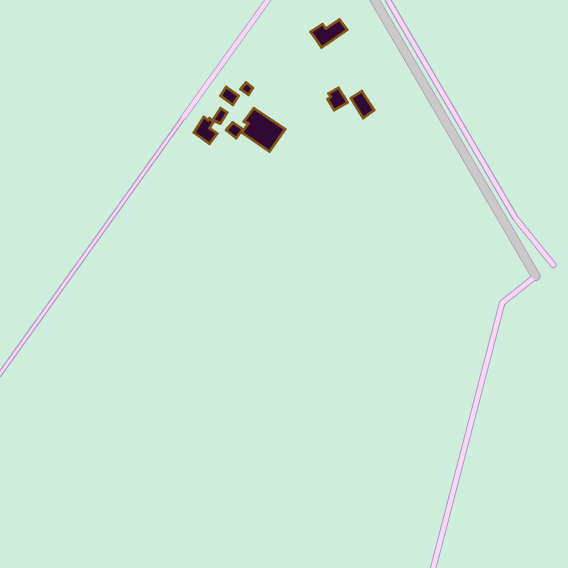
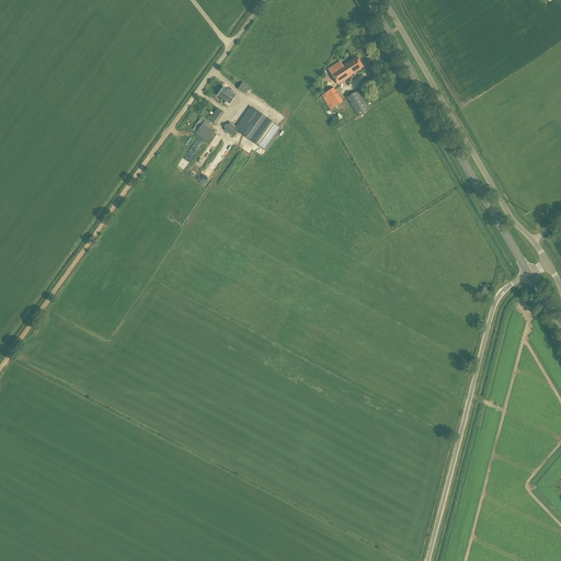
building: [310,20,347,47] -> [327,56,363,83]

